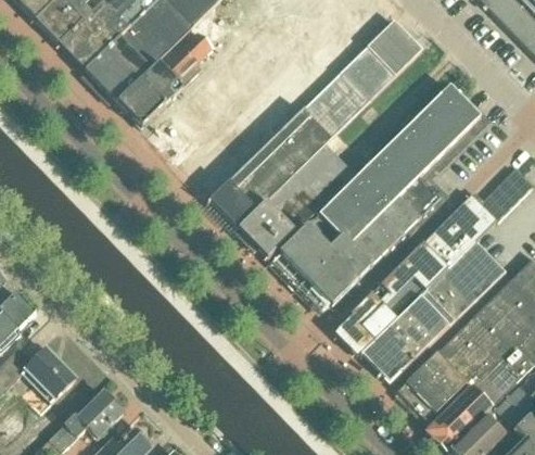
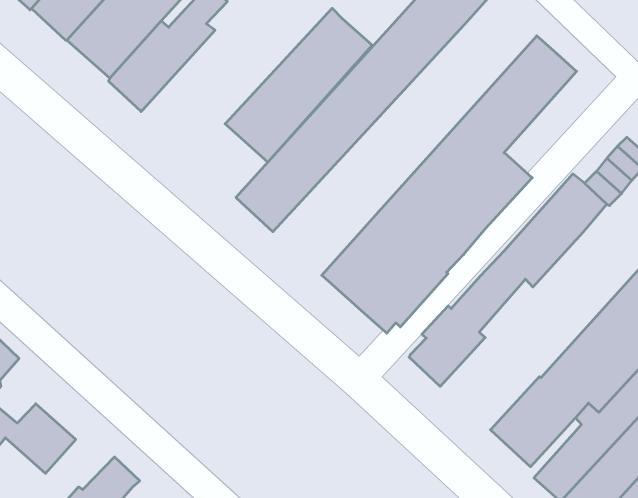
building: [238,141,355,257] -> [225,8,372,162]
building: [361,240,505,369] -> none

